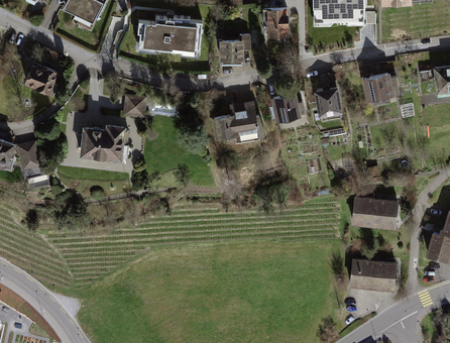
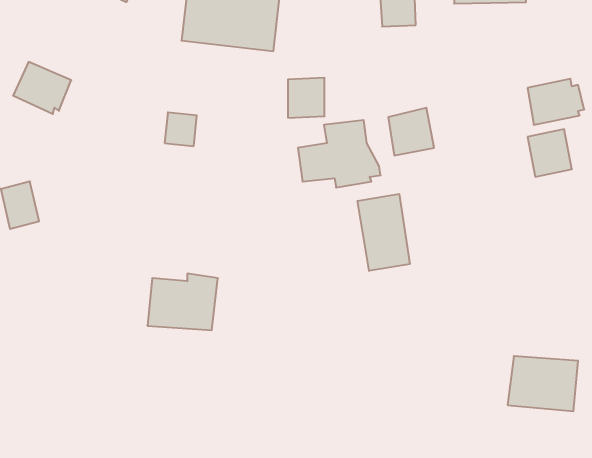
building: [221,38,245,65] -> [288,78,325,118]
building: [314,88,343,119] -> [528,129,572,177]
building: [79,125,125,162] -> [147,274,218,330]
building: none -> [357,194,410,271]
building: [351,194,397,226] -> none

